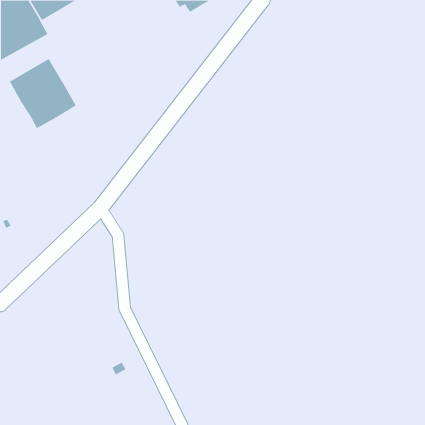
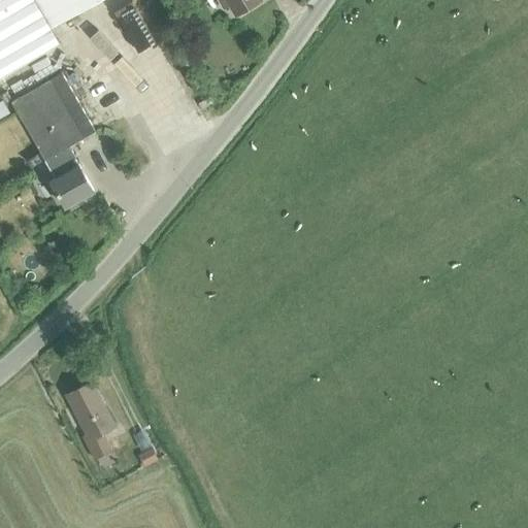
building: none -> [45,146,94,207]
building: none -> [66,382,116,459]

